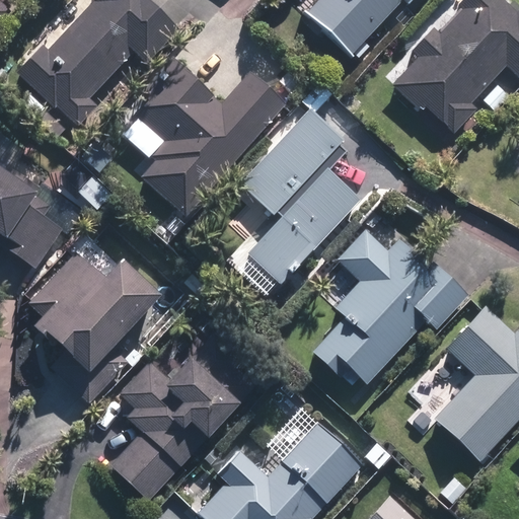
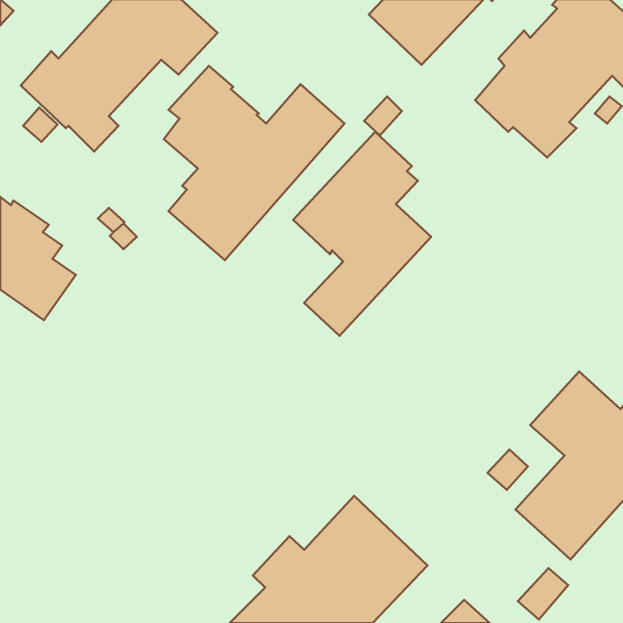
building: [313,227,471,382] -> none
building: [25,261,153,409] -> none
building: [105,360,242,504] -> none

